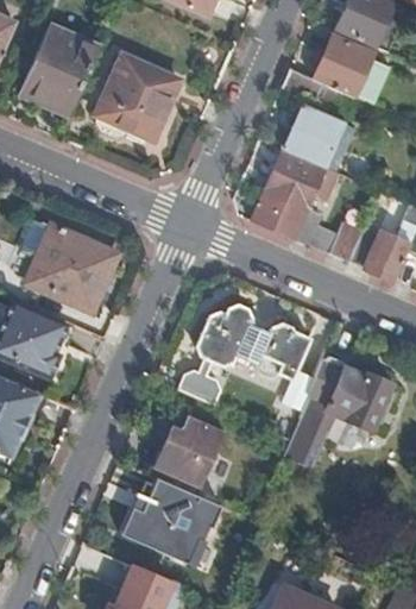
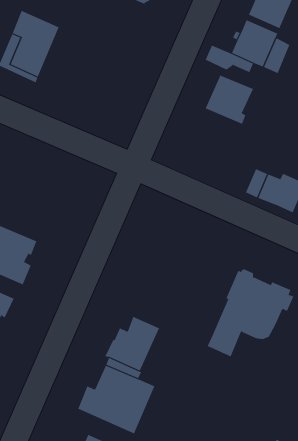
building: [96,57,178,142] -> none
building: [251,151,329,247] -> none
building: [27,224,118,309] -> none
building: [177,300,313,406] -> none

